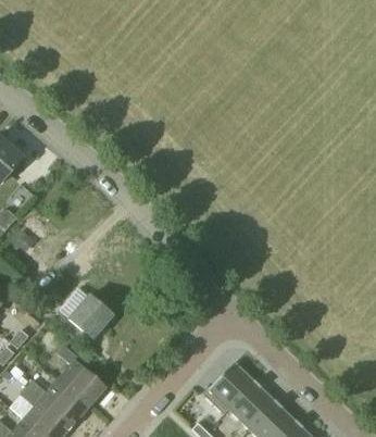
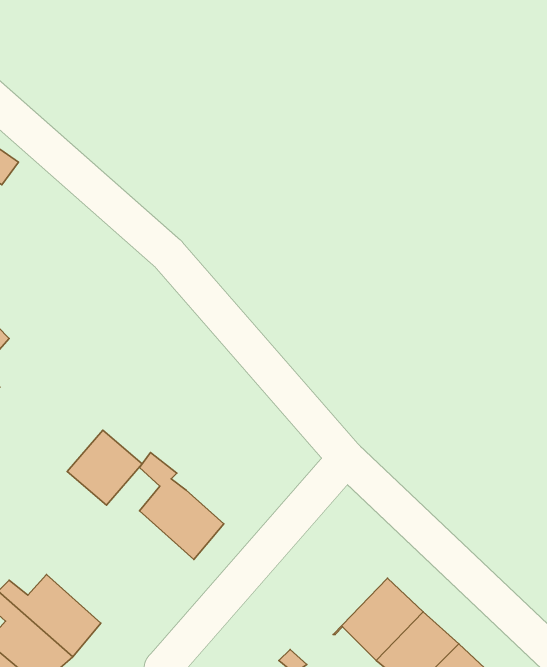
building: [57,346,105,408] -> [139,453,224,559]
building: [203,362,254,414] -> none

